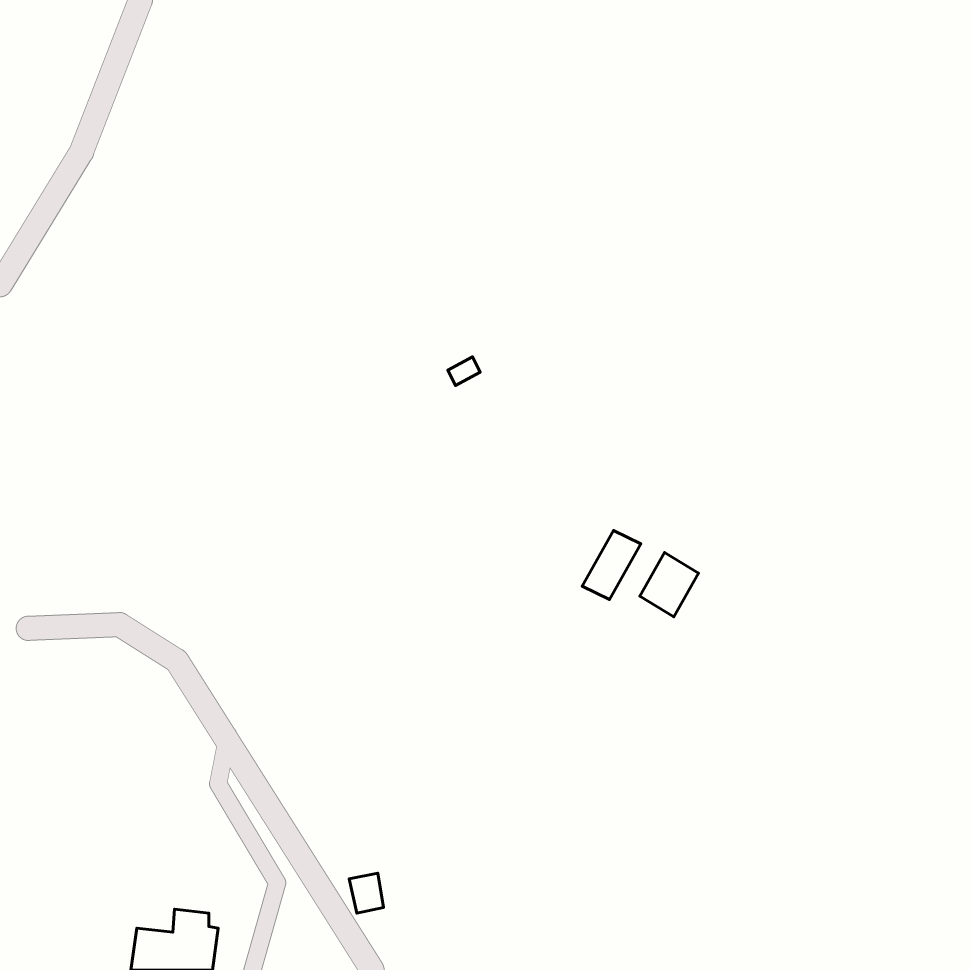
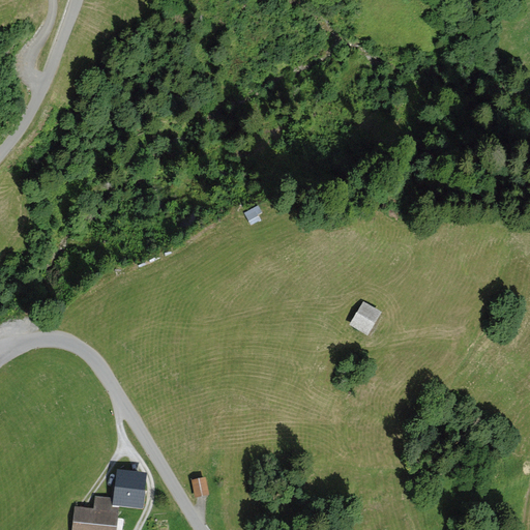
building: [582,531,641,600] -> none
building: none -> [114,470,147,508]

